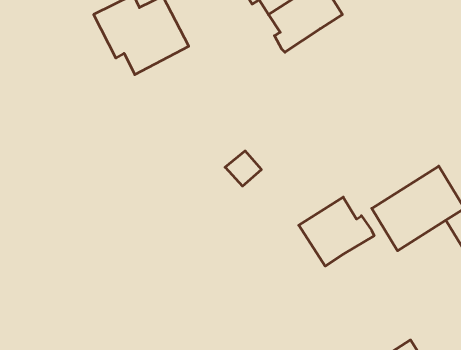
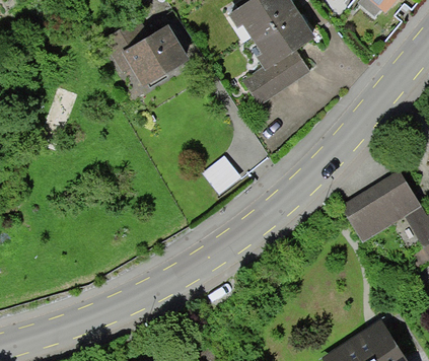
building: none -> [244,50,312,105]
building: [299,197,374,266] -> none

